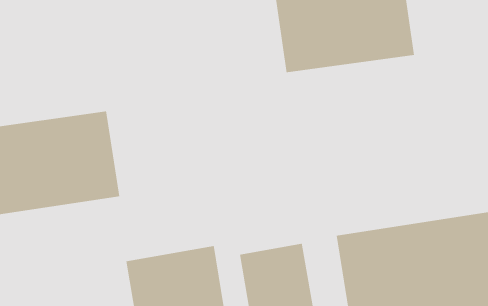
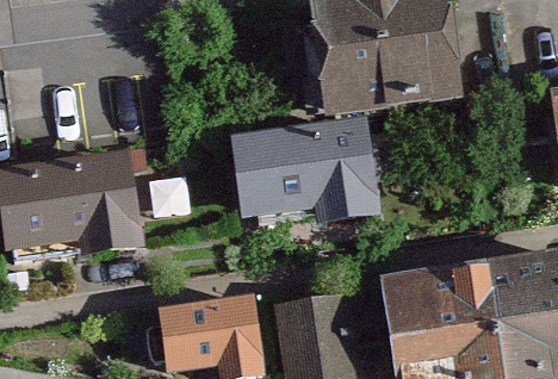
building: none -> [223,117,383,225]

